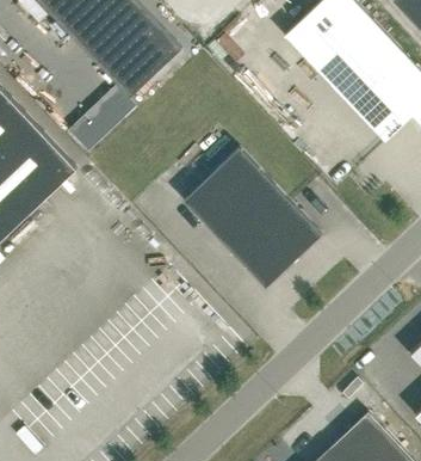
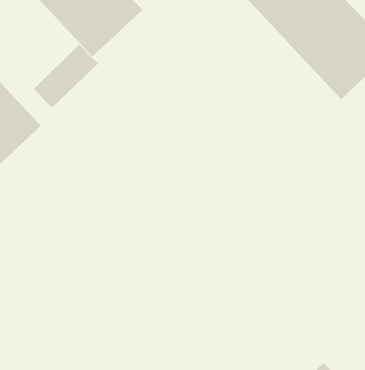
building: [184,147,323,288] -> none

